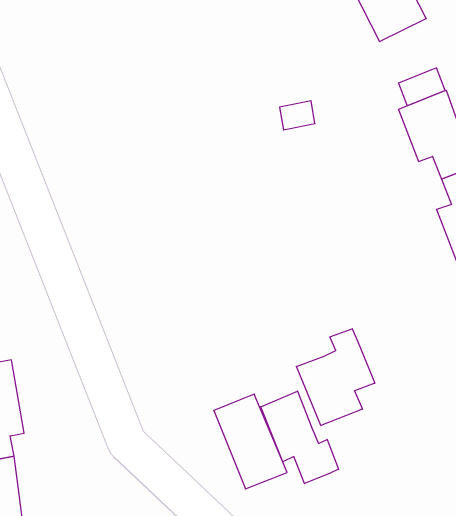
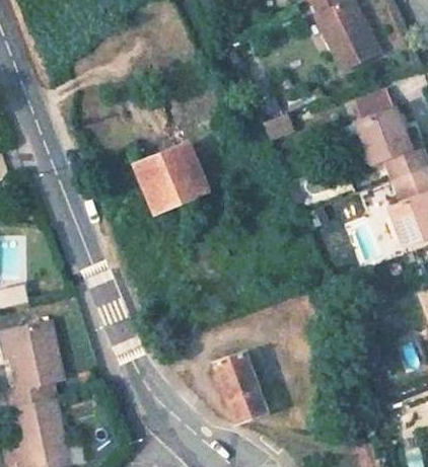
building: none -> [142,149,200,209]
building: [296,329,375,426] -> none
building: [261,391,339,484] -> none

